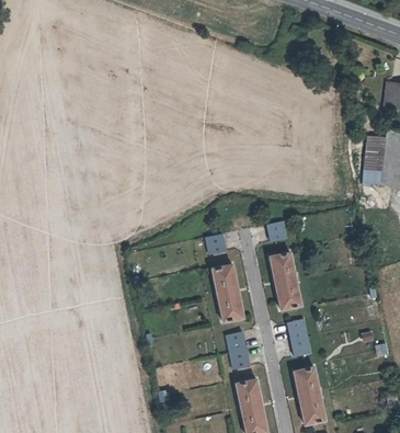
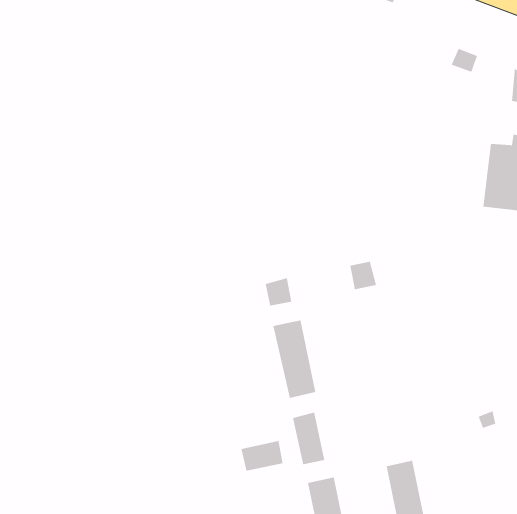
building: [271,252,301,309] -> none
building: [287,319,310,356] -> none
building: none -> [241,440,283,472]

